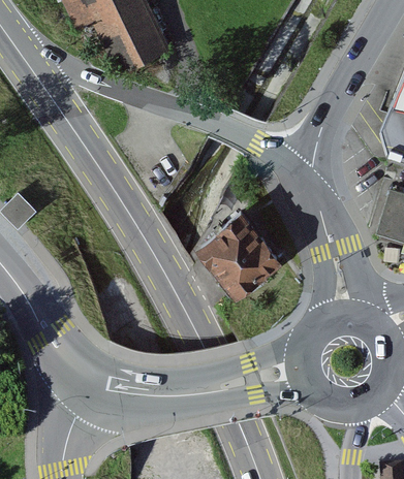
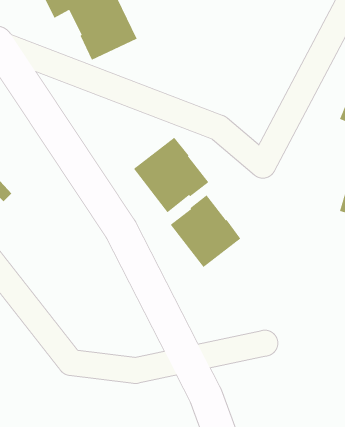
building: none -> [133,137,209,213]

